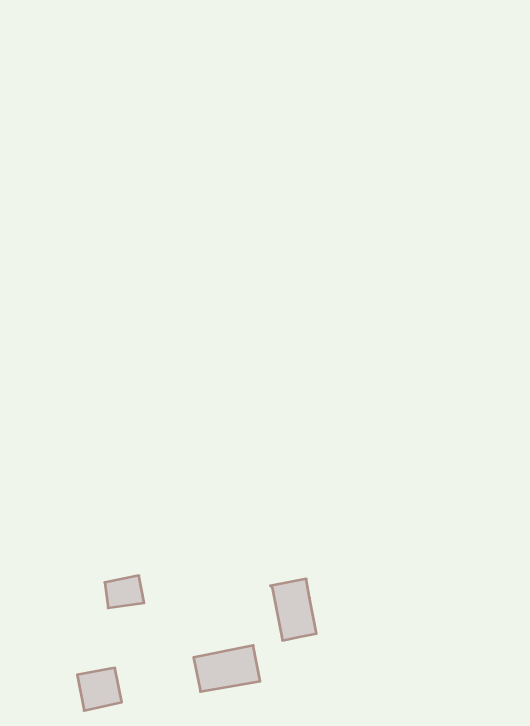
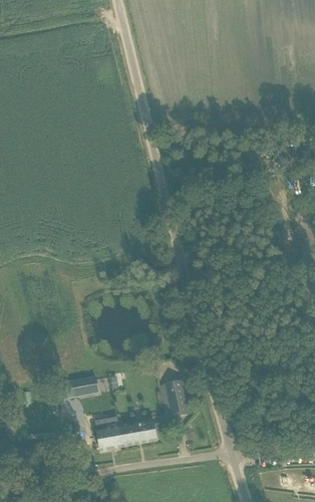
building: [77,668,122,711] -> [94,426,120,451]

